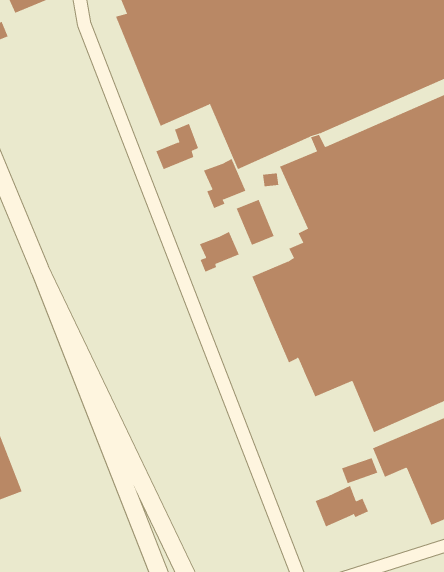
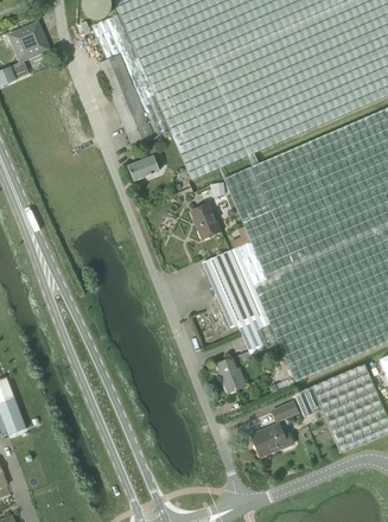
building: [203,158,246,209] -> none
building: [199,231,240,272] -> none
building: none -> [217,357,246,392]

